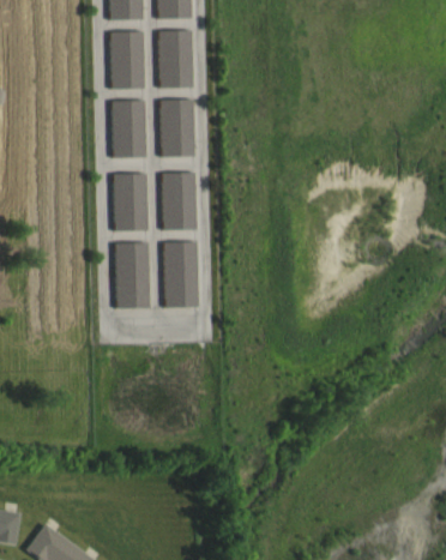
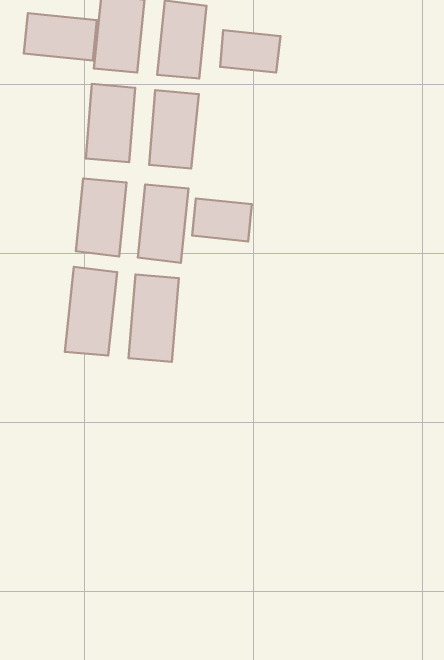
building: none -> [220,30,280,73]
building: none -> [24,13,97,61]
building: none -> [192,198,252,241]

